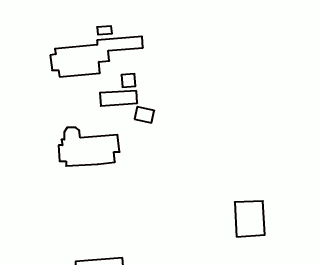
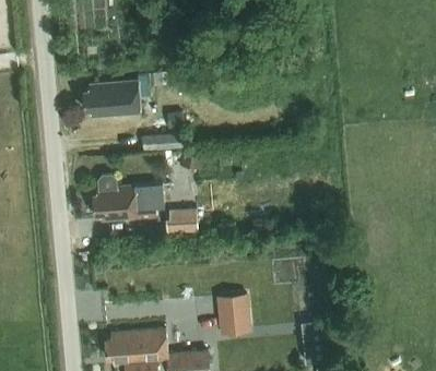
building: none -> [163,211,195,234]
building: [235,201,265,237] -> [224,290,259,332]

